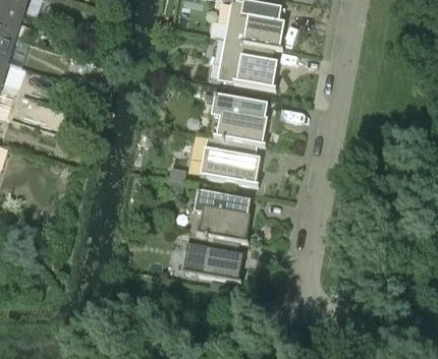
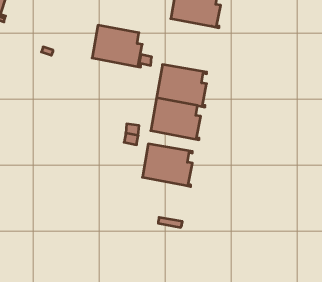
building: [217,38,278,88] -> [92,25,142,67]
building: [182,231,243,282] -> none

